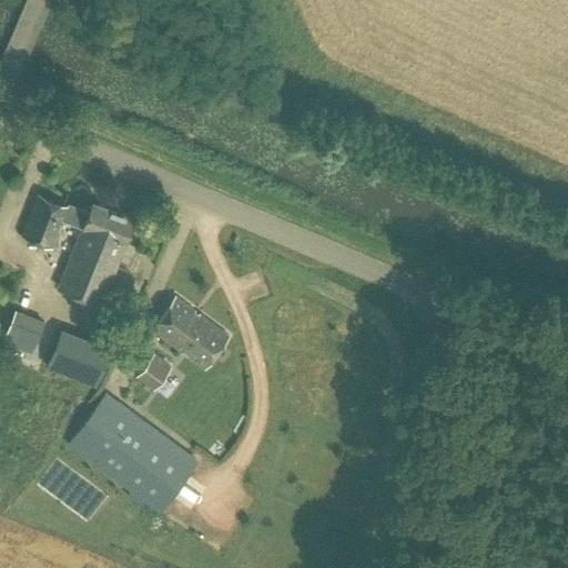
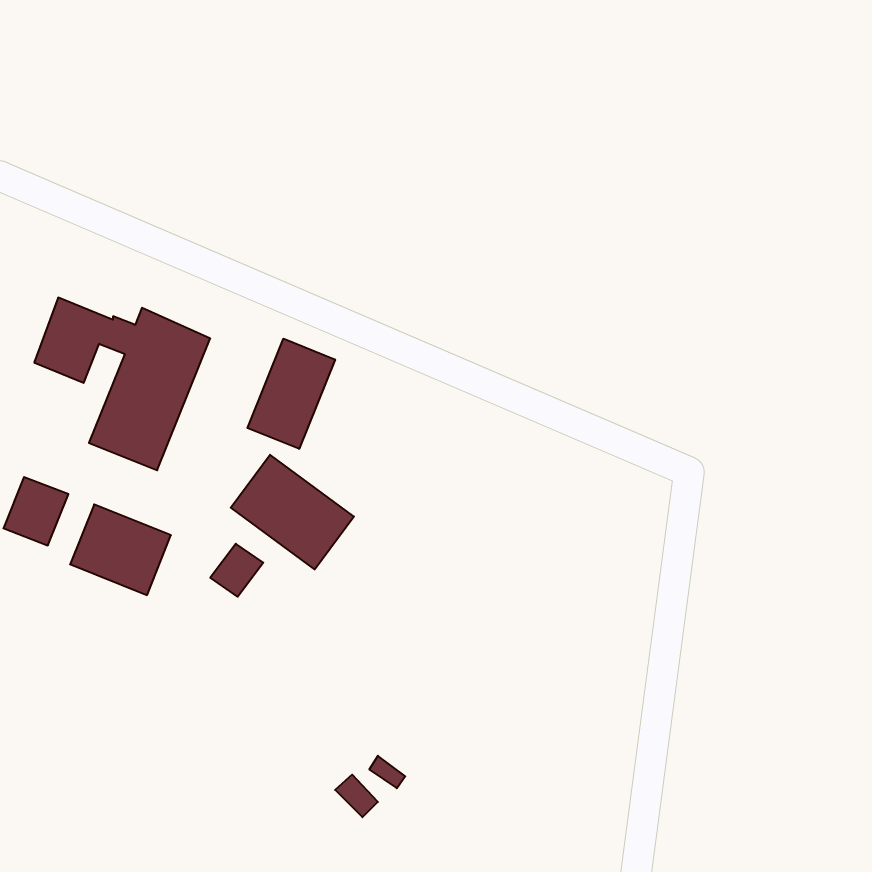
building: none -> [247,339,335,449]
building: [68,393,200,514] -> none

